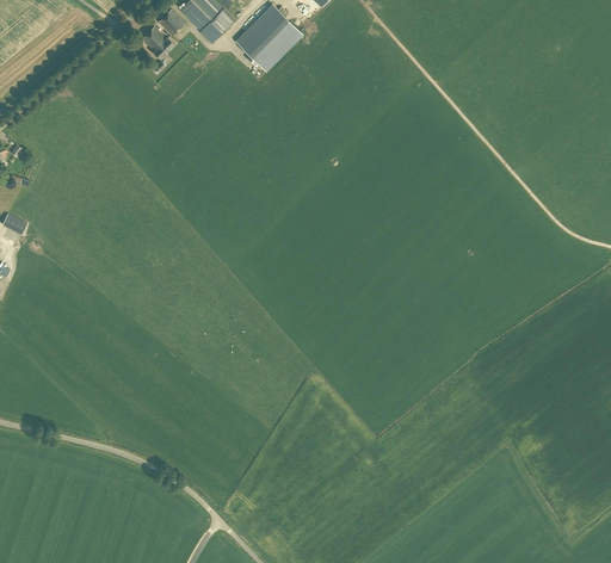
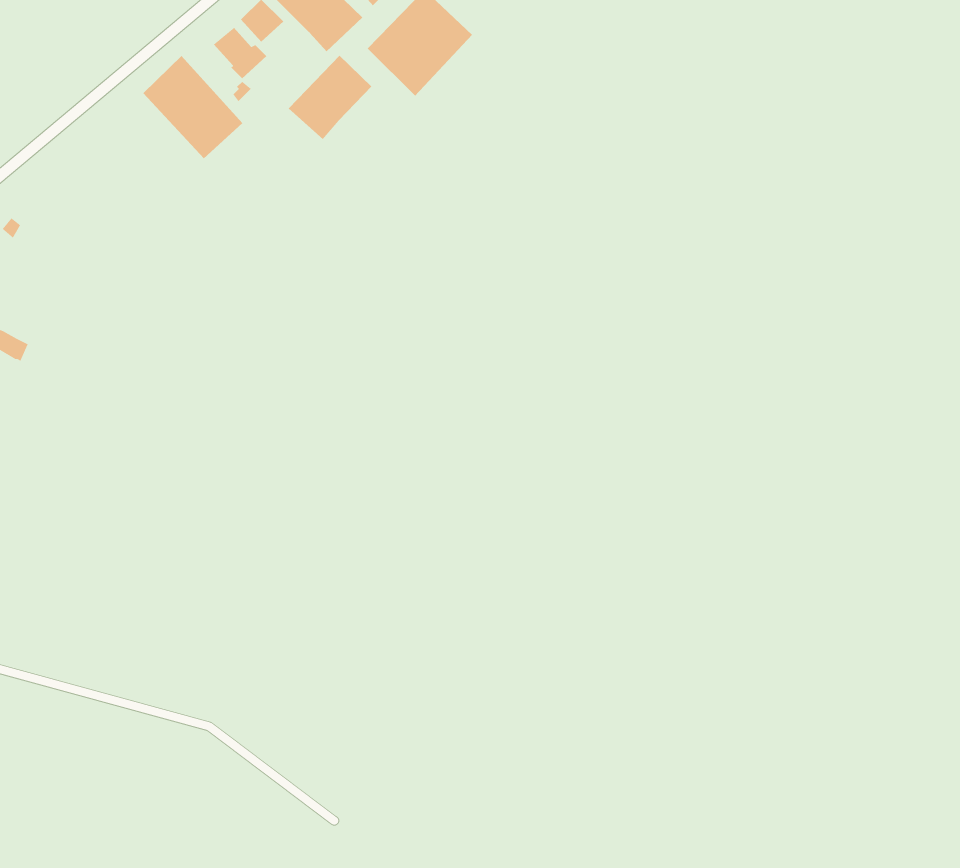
building: none -> [288,55,372,140]
building: none -> [142,55,243,159]

